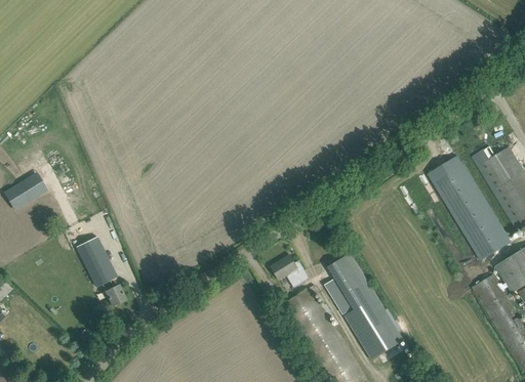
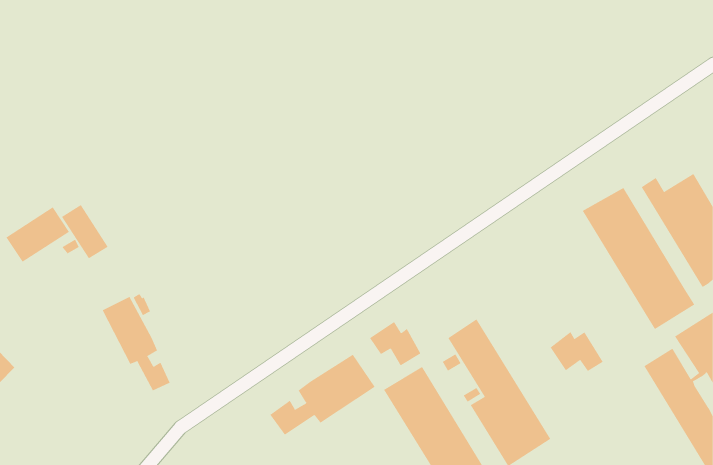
building: none -> [61,204,109,259]
building: none -> [550,331,603,372]
building: none -> [270,354,375,435]

